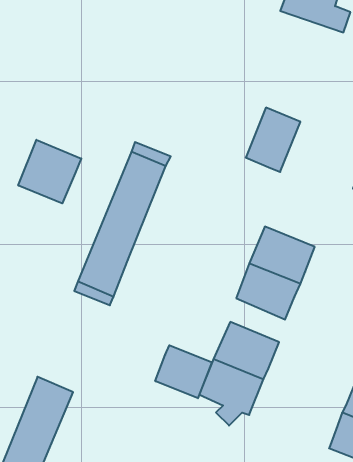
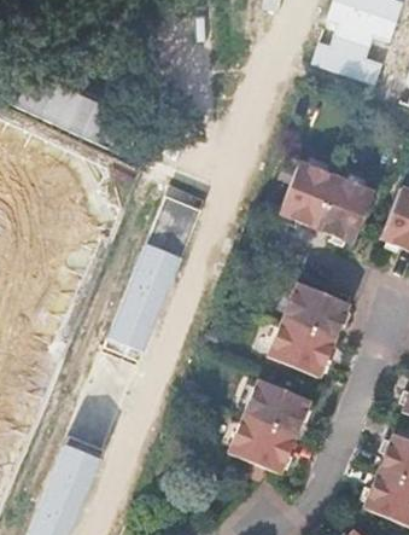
building: none -> [312,175,369,242]
building: [18,140,81,203] -> none
building: [155,345,212,398] -> none

